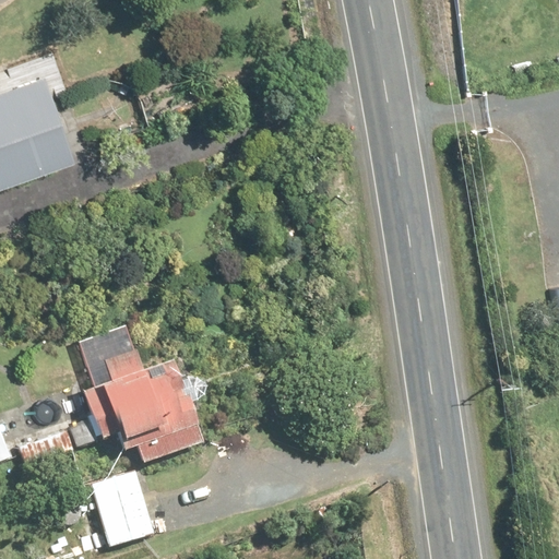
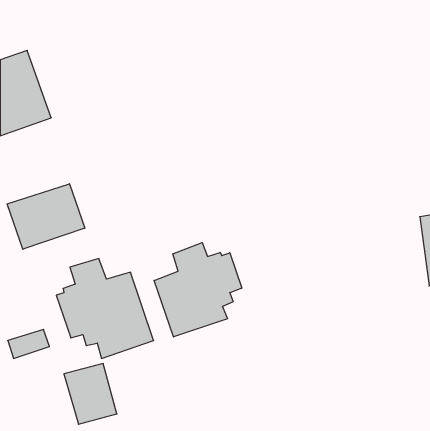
building: none -> [7,184,85,249]
building: none -> [154,243,242,337]

